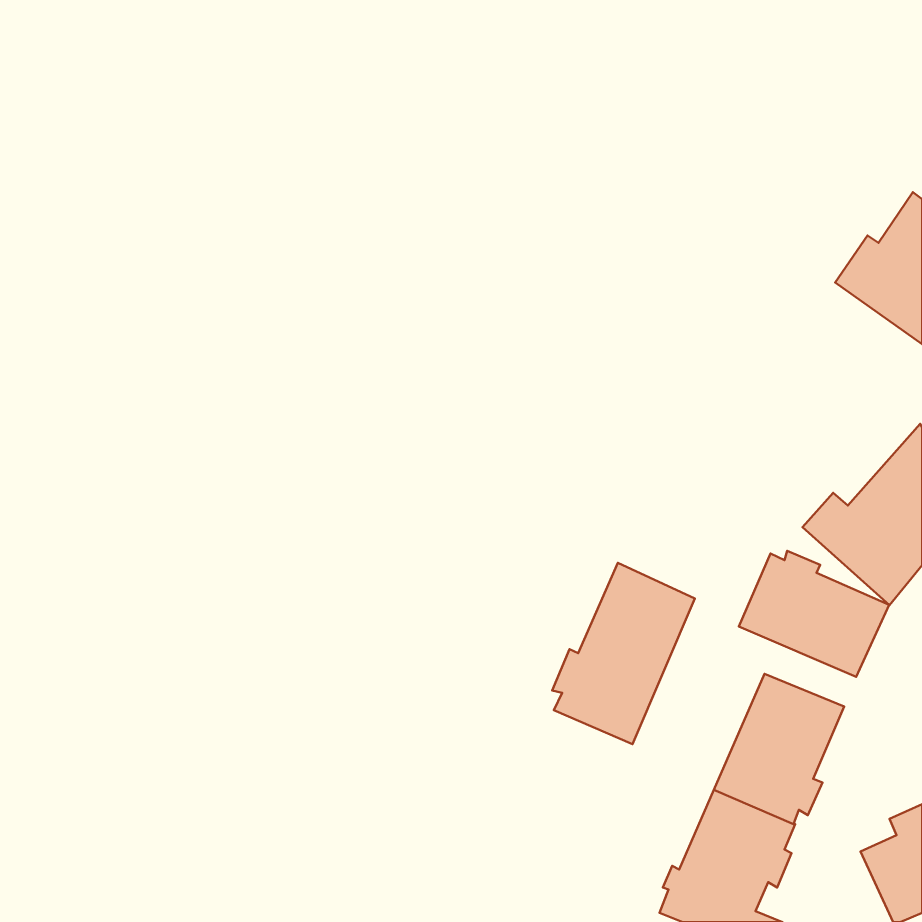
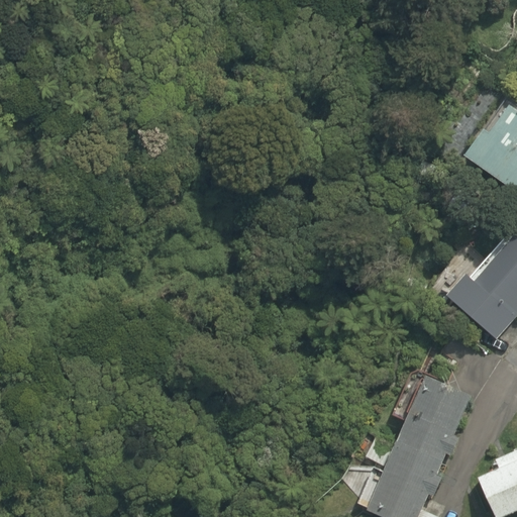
building: [739,551,889,677] -> none
building: [552,563,695,744] -> none

